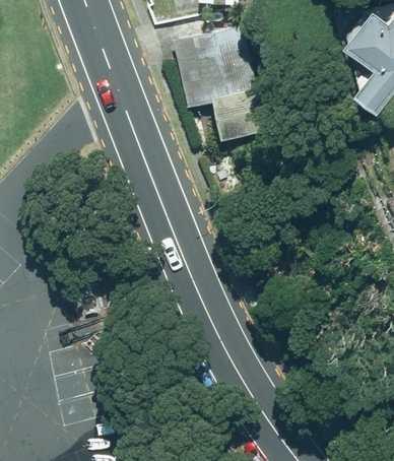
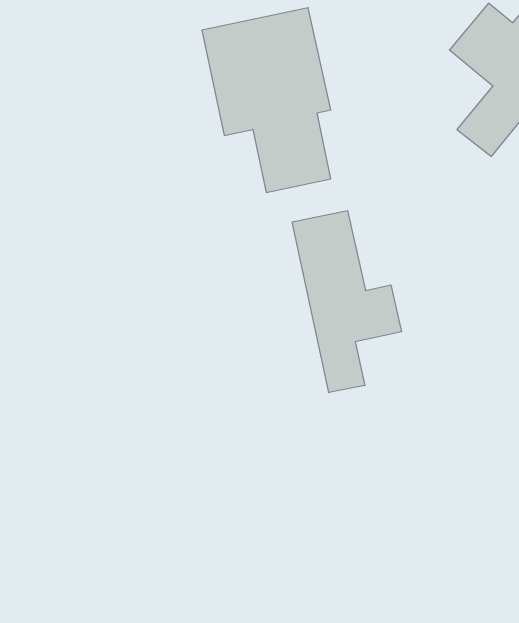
building: none -> [292,211,402,393]

